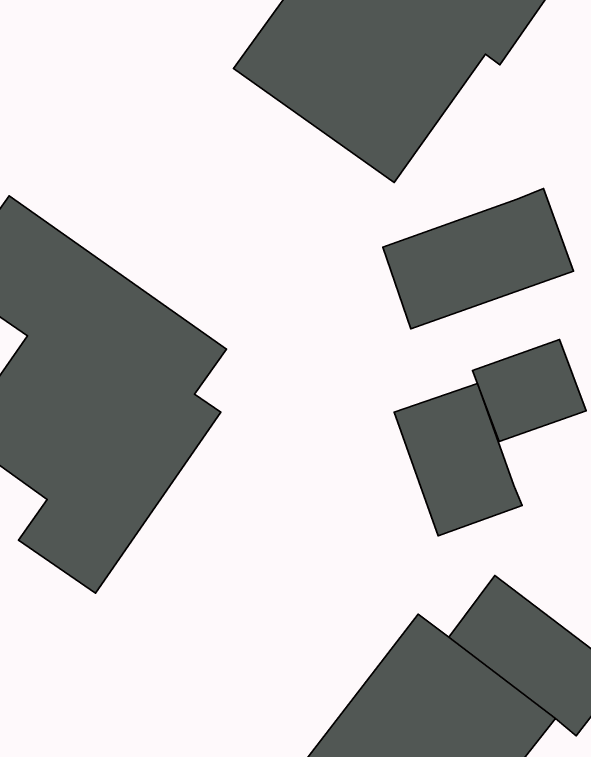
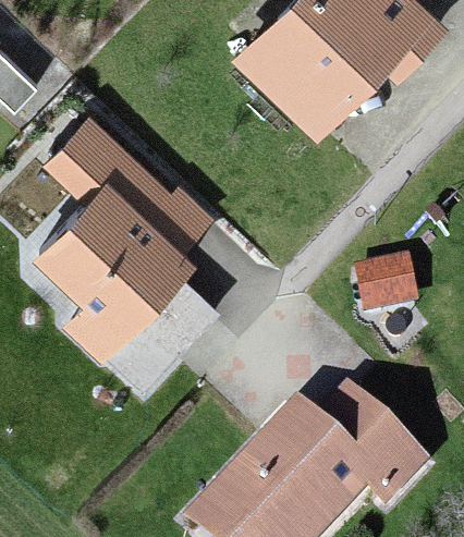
building: [383,189,574,329] -> none
building: [394,383,522,536] -> none

